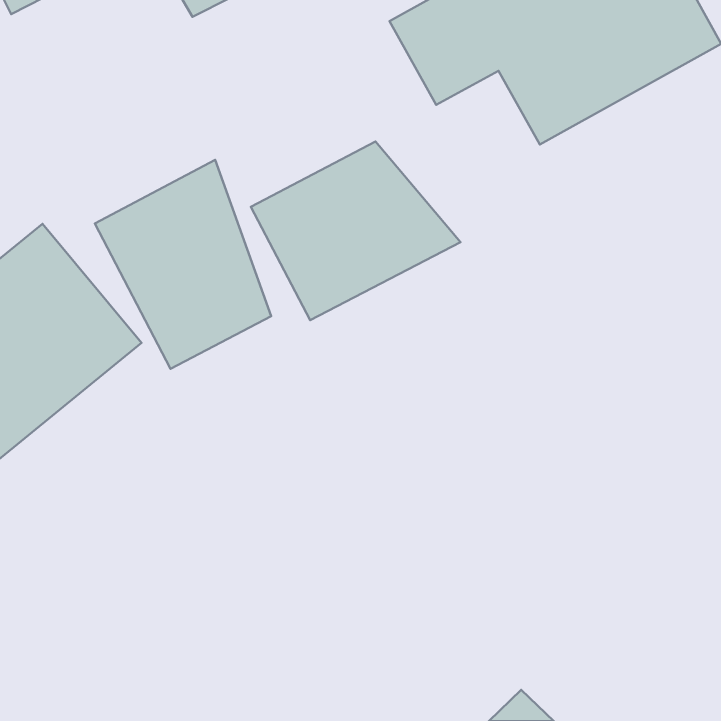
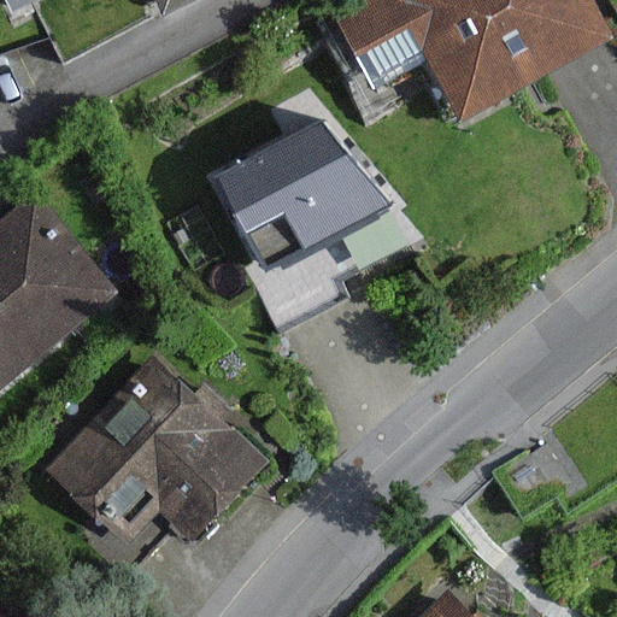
building: [95,160,271,369] -> none
building: none -> [46,353,268,545]

